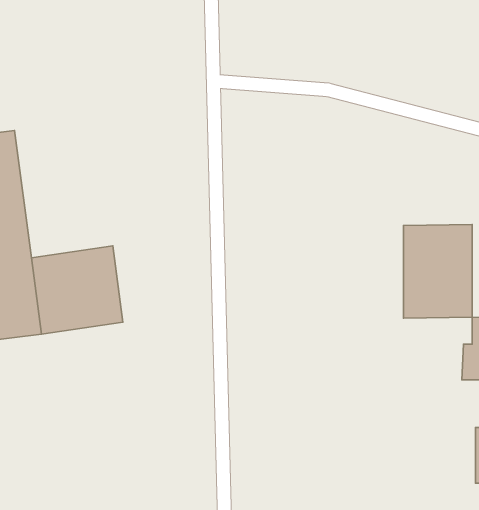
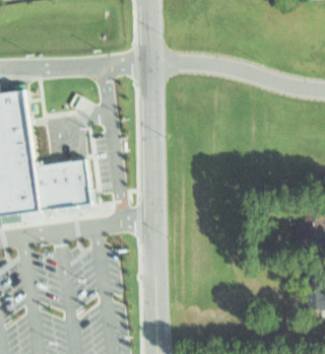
building: [404,224,472,318] -> none

